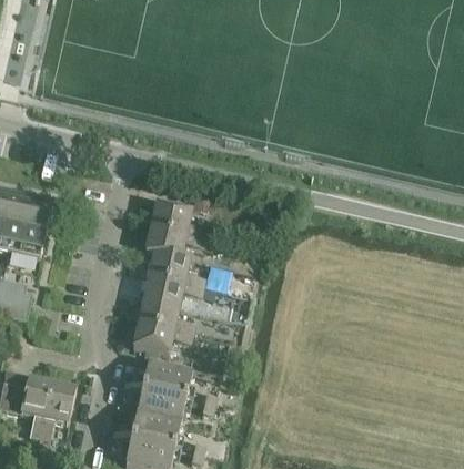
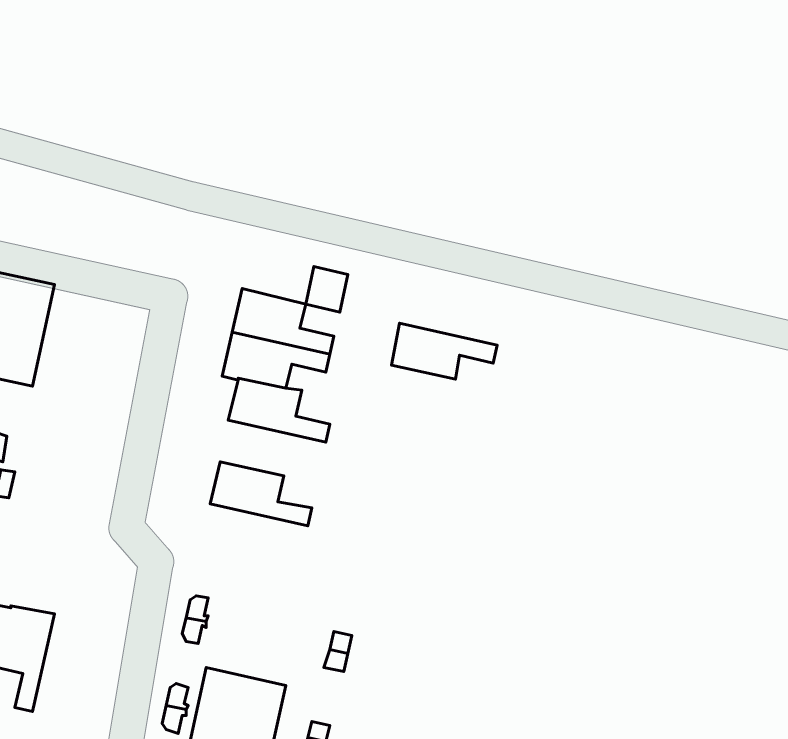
building: [143,275,202,306] -> [392,323,497,379]
building: [132,322,192,354] -> none
building: [135,363,191,422] -> none
building: [39,384,75,439] -> none

